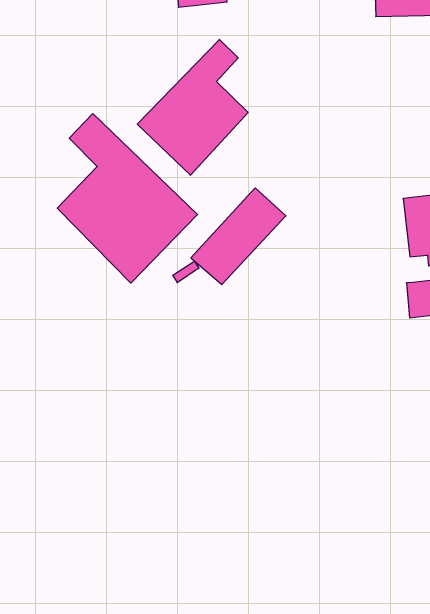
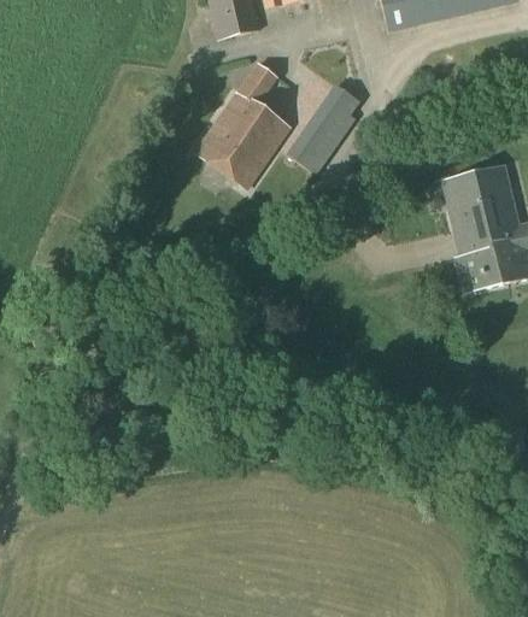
building: [57,114,198,283] -> none
building: [191,188,286,285] -> [286,81,366,172]

